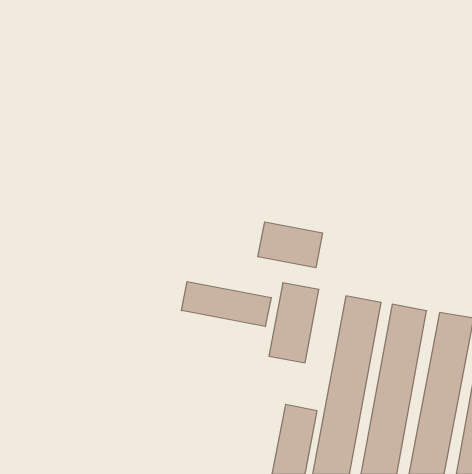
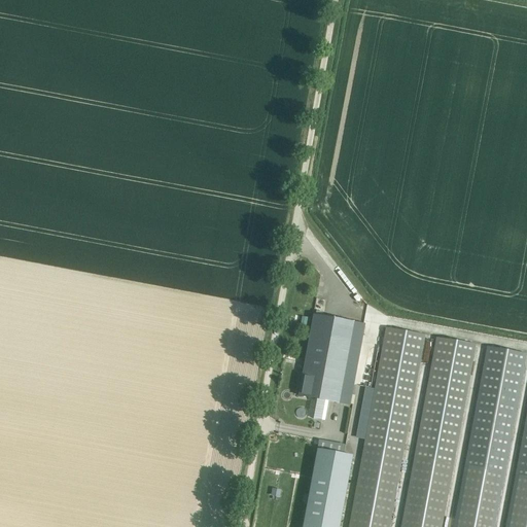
building: [258,222,323,268] -> none
building: [181,282,271,327] -> none

